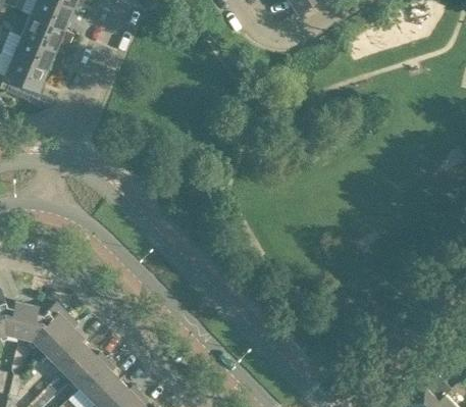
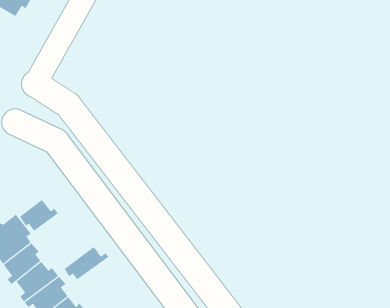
building: none -> [19,199,59,231]
building: none -> [64,246,109,280]

